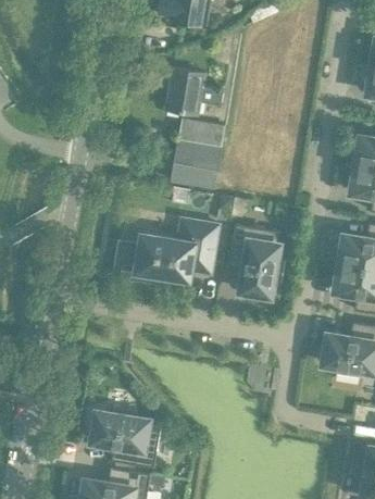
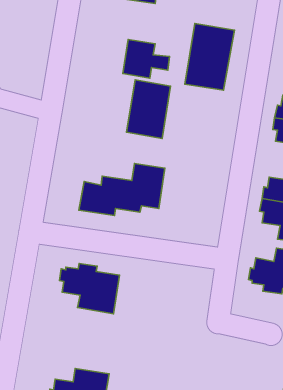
building: none -> [185,24,235,90]
building: [228,224,284,300] -> none
building: [89,408,162,469] -> [59,264,120,314]

